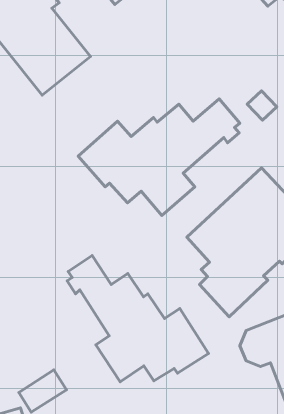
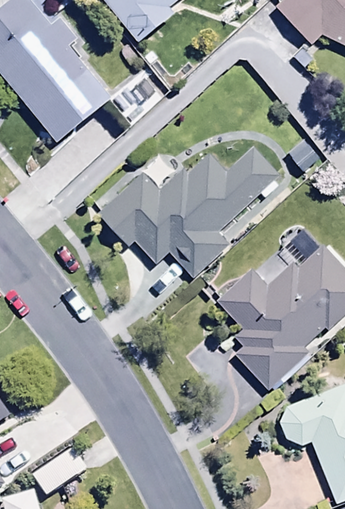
building: [67,256,208,382] -> none

